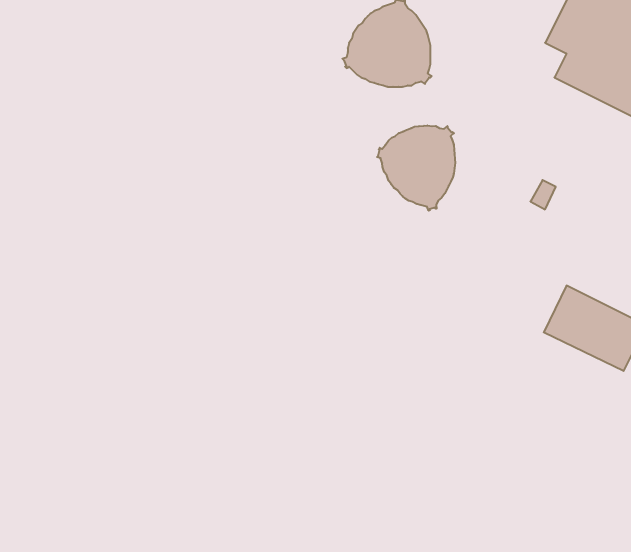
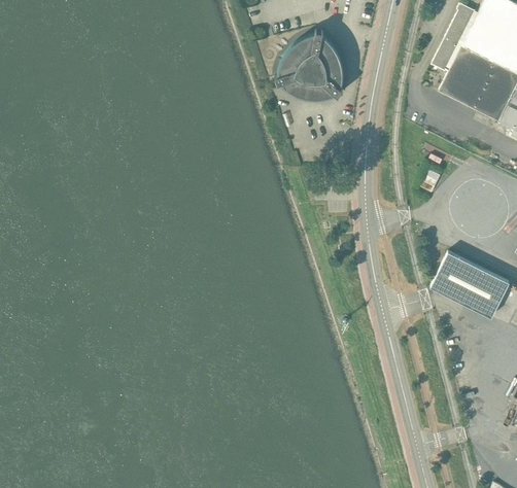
building: [377,125,455,211] -> none

